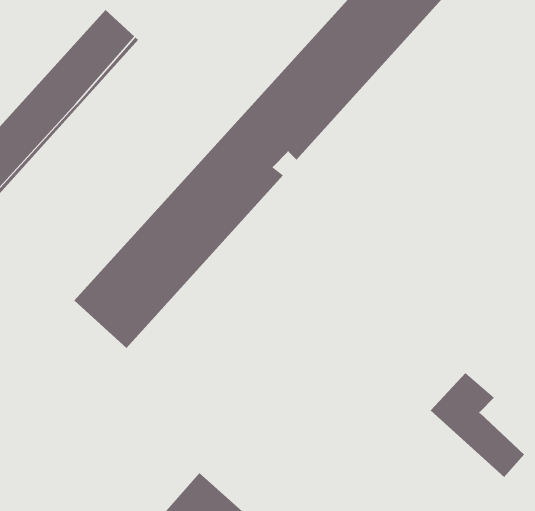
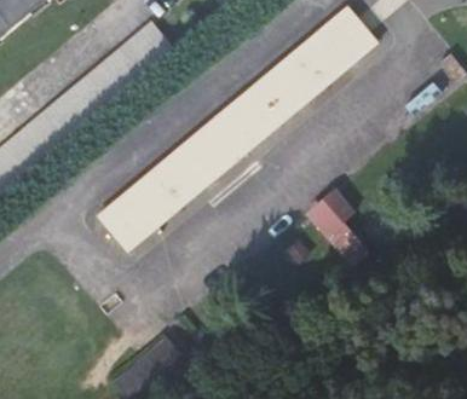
building: [430,372,525,478] -> [310,191,368,264]

